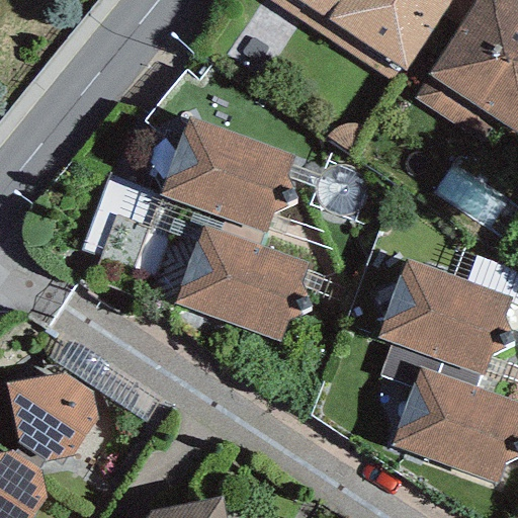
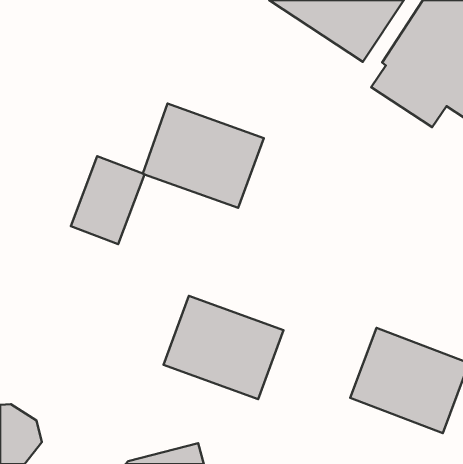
building: [175,225,309,340] -> [163,296,284,399]
building: [378,259,511,372] -> none
building: [6,372,99,460] -> none

